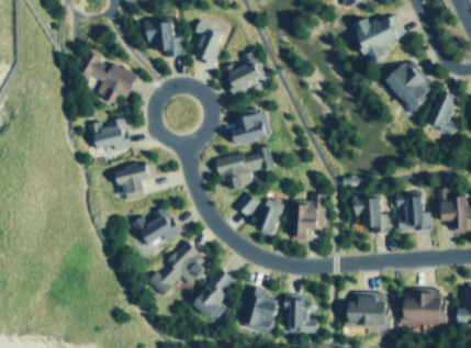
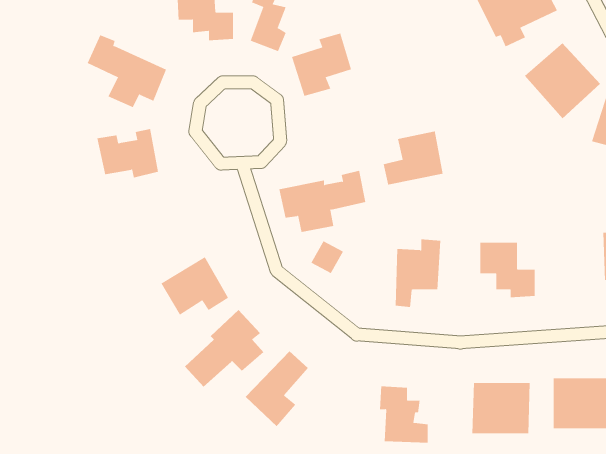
building: [229,108,271,145] -> [383,131,443,185]
building: [114,164,150,199] -> none
building: [397,193,434,231] -> none
building: [257,198,282,234] -> none
building: [246,288,277,333] -> none

